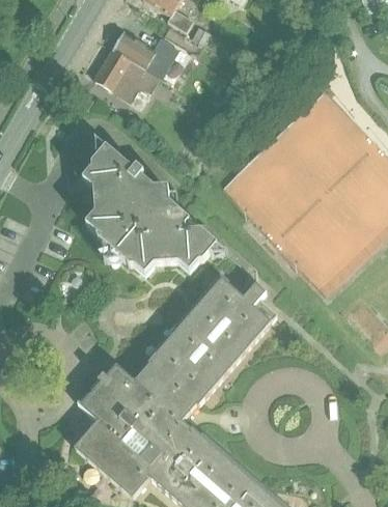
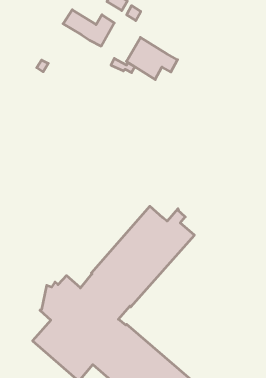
building: [94,48,159,101] -> [126,37,178,80]
building: [83,138,256,295] -> none

